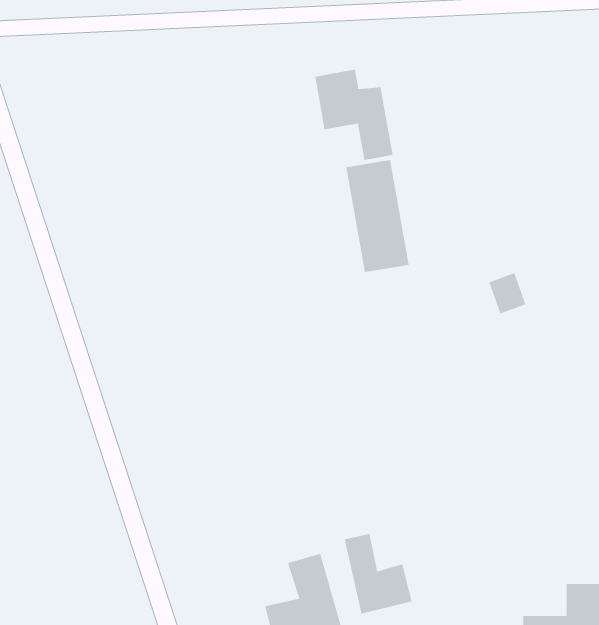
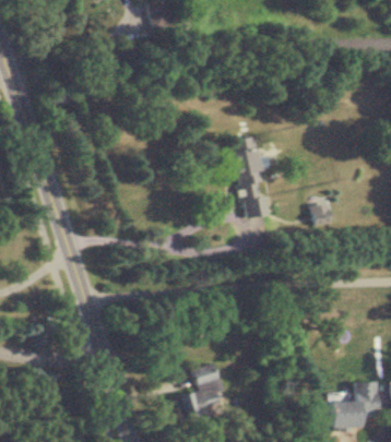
building: [315,69,393,161] -> none
building: [344,533,412,615] -> none

